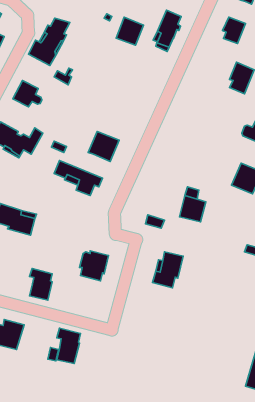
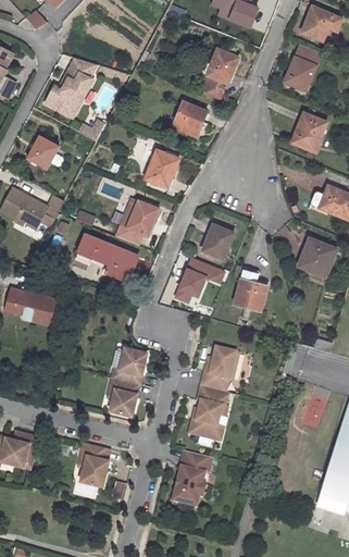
building: [116,17,143,45] -> [173,100,207,135]
building: none -> [146,149,179,186]
building: none -> [207,224,234,258]
building: none -> [175,257,227,304]
building: [29,269,52,300] -> [108,376,136,416]
building: none -> [188,385,228,441]
building: none -> [173,450,212,506]

